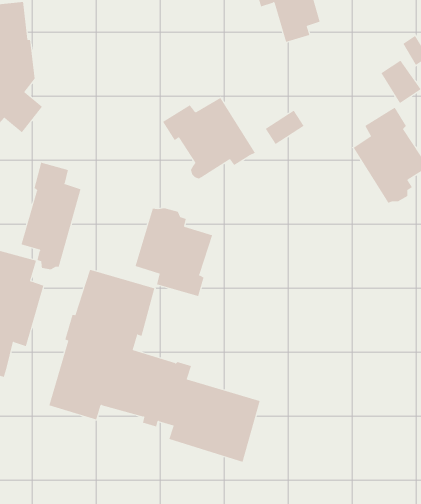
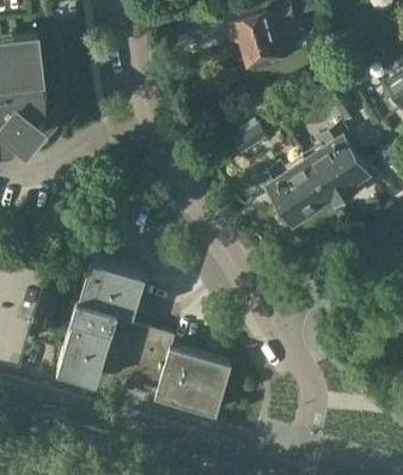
building: [162,97,256,179] -> [258,158,335,225]
building: [21,162,81,270] -> none
building: [135,207,213,297] -> none

